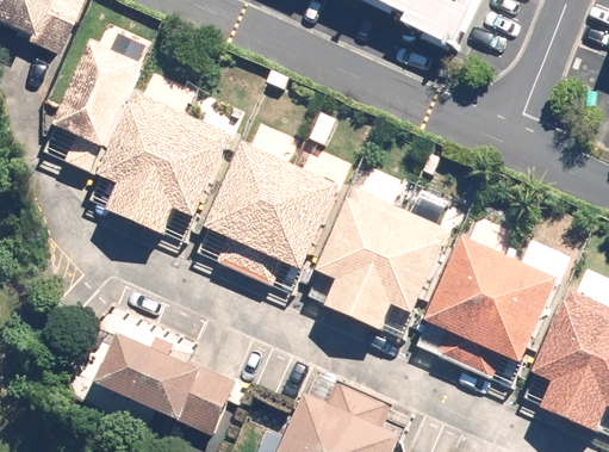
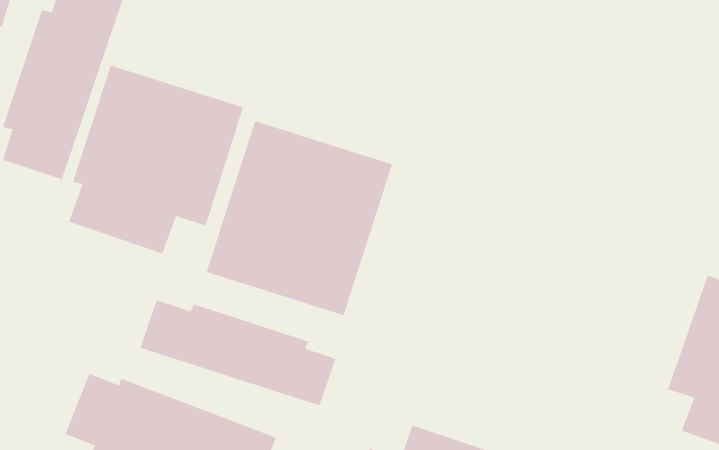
building: [317,186,452,332] -> none
building: [422,236,554,383] -> none
building: none -> [140,300,336,406]

